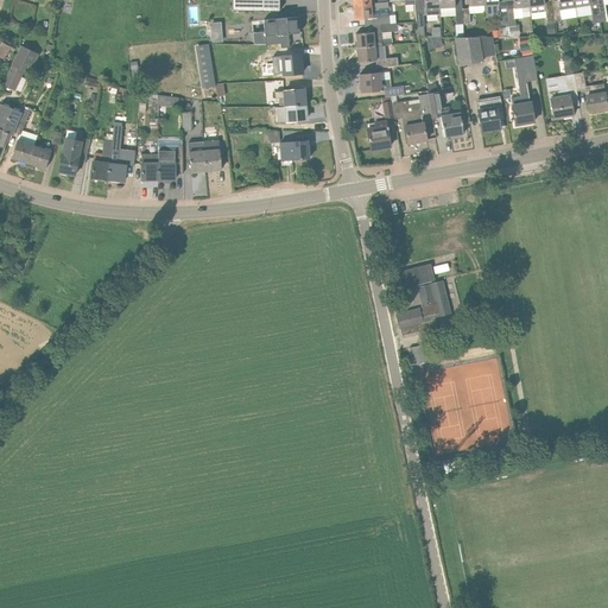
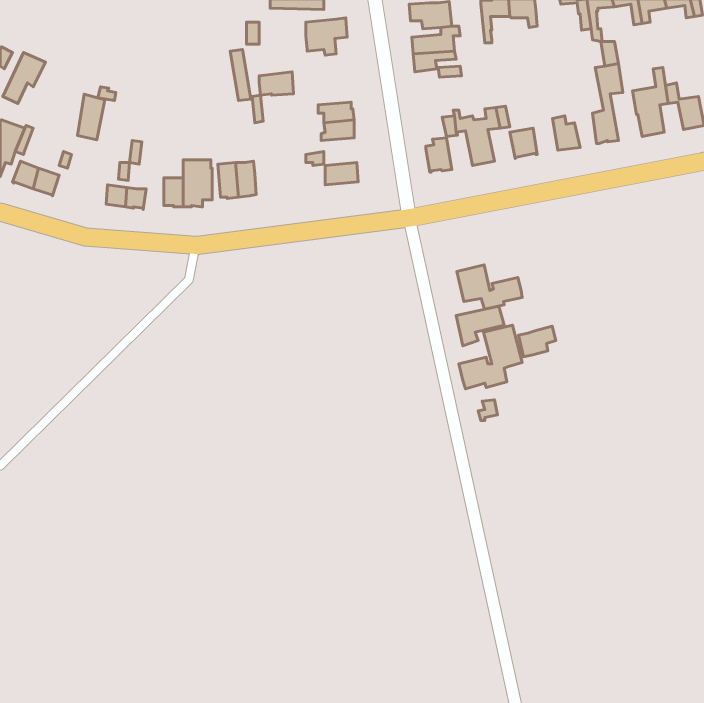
building: [455,36,483,64] -> none
building: [272,53,302,74] -> [259,72,293,95]
building: [359,71,410,96] -> none
building: [58,135,82,175] -> [77,94,105,140]
building: none -> [457,265,522,309]
building: none -> [519,326,556,357]

